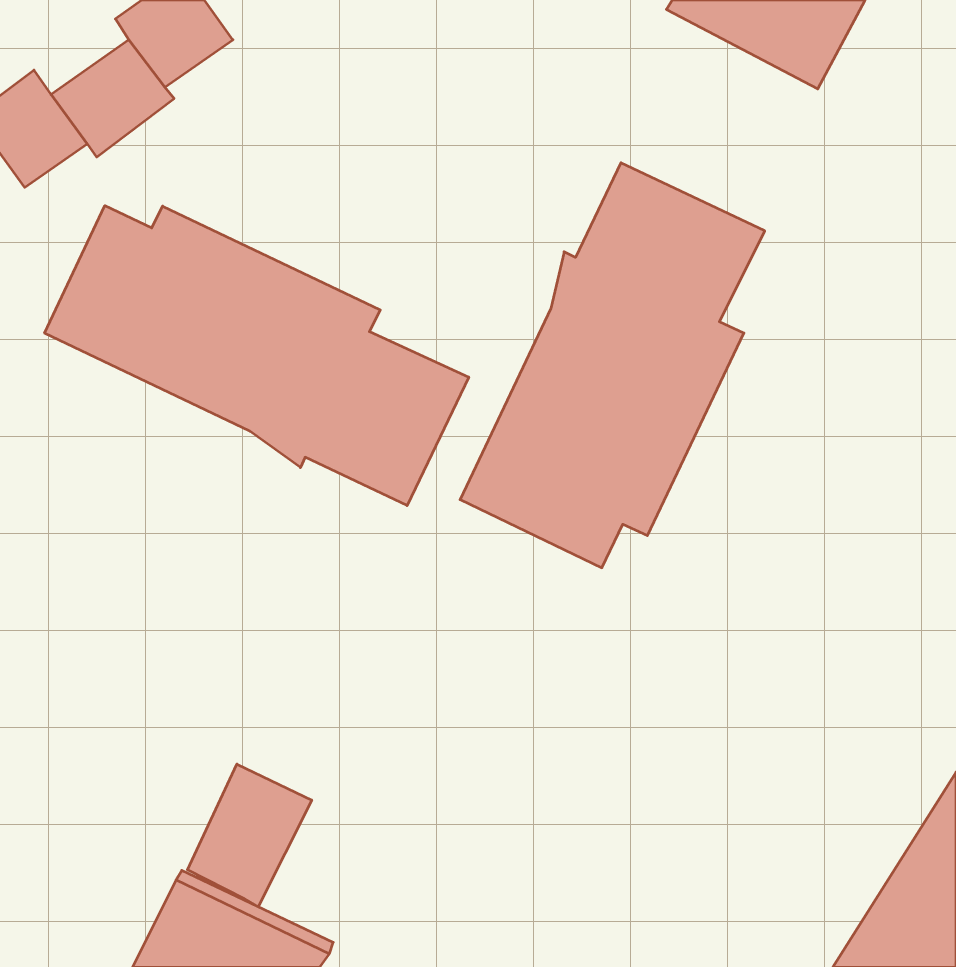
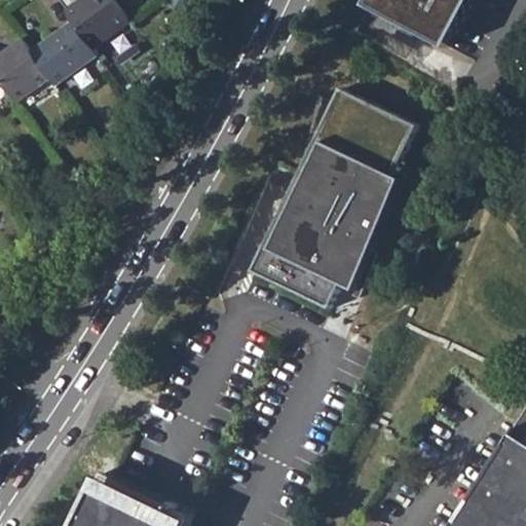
building: [45,206,469,506] -> none
building: [187,764,312,907] -> none

